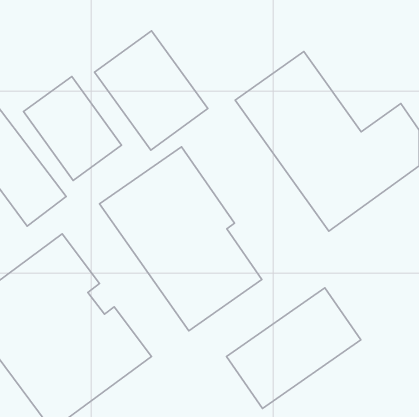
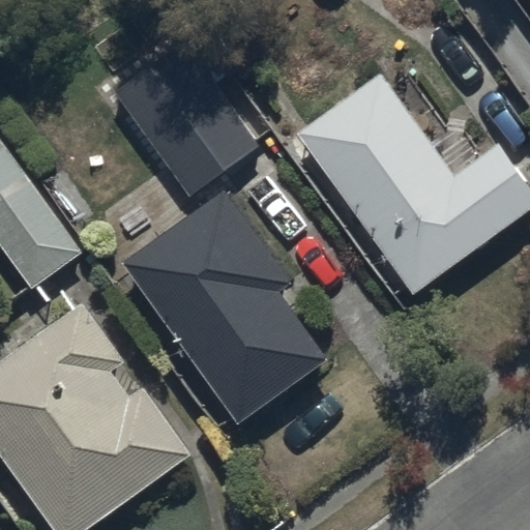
building: [23,76,122,180] -> none
building: [226,288,361,409] -> none

